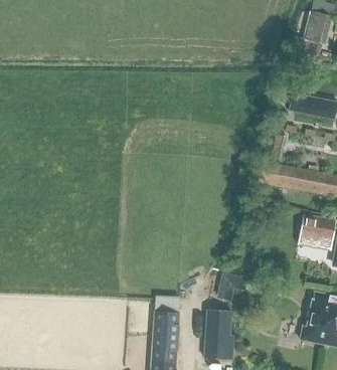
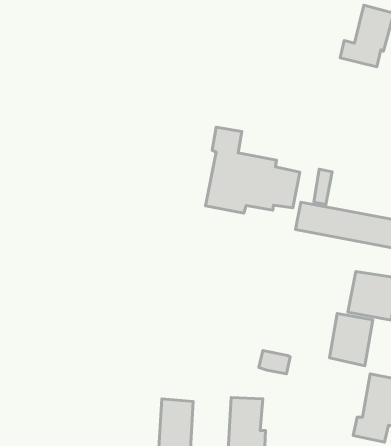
building: none -> [205,127,300,213]
building: none -> [330,313,373,366]

